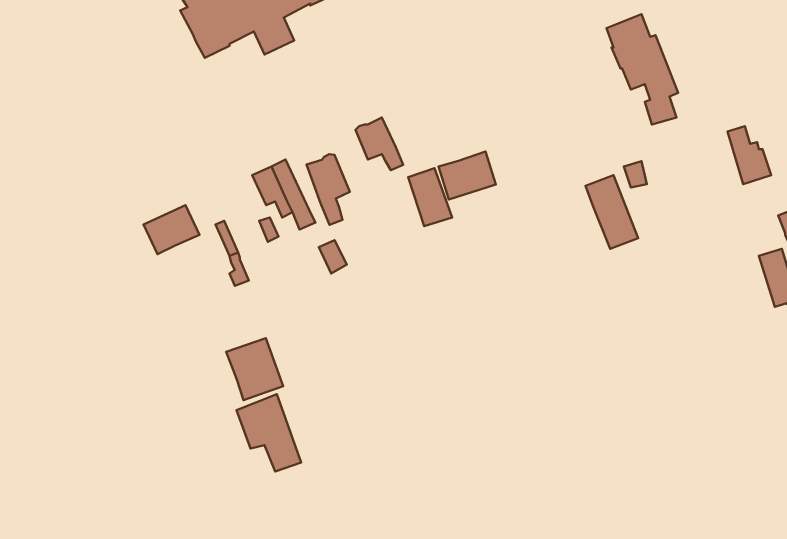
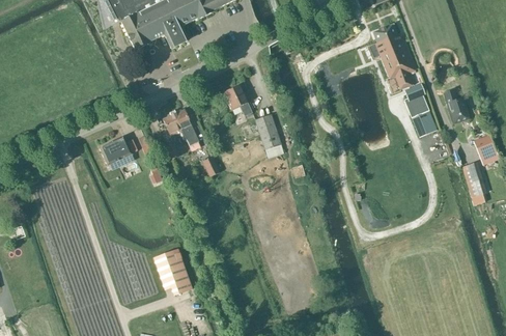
building: [438,151,496,200] -> none
building: [306,154,350,225] -> none
building: [586,175,638,249] -> [404,93,435,137]
building: [226,338,283,400] -> none

